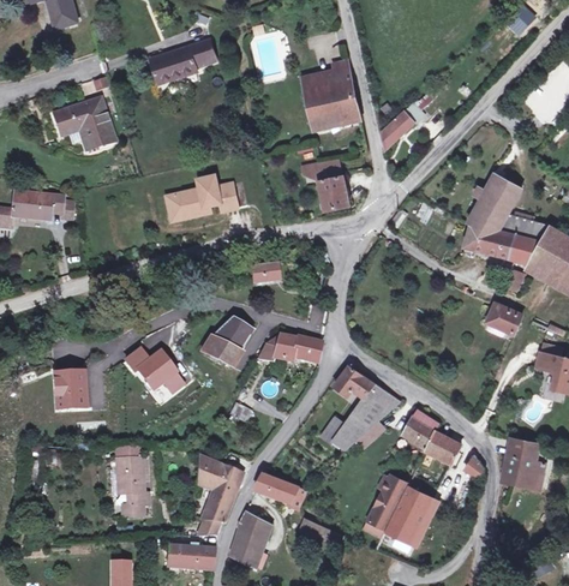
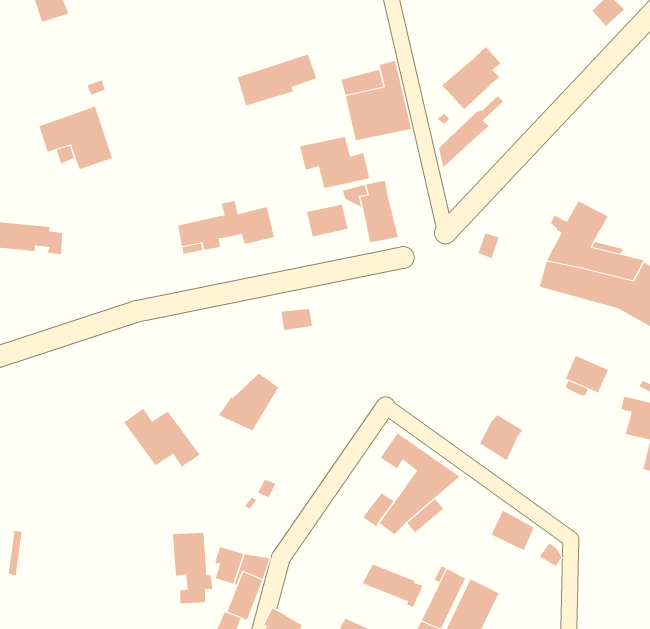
building: [150,40,216,83] -> [237,54,317,106]
building: none -> [441,46,502,110]
building: none -> [300,136,370,189]
building: none -> [306,204,348,237]
building: [258,335,322,361] -> none
building: [49,367,88,411] -> none
building: [403,409,439,448] -> [479,414,523,461]
building: [503,437,545,485] -> none
building: [115,458,149,516] -> [172,532,213,604]
building: [254,472,305,508] -> [362,564,424,607]

